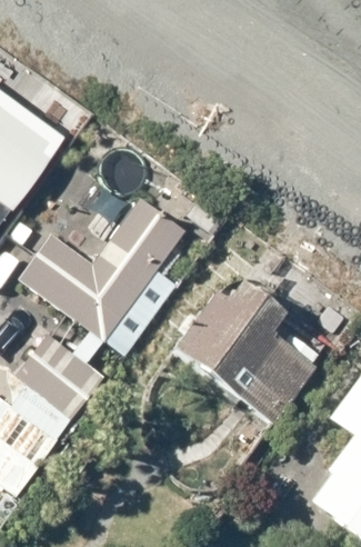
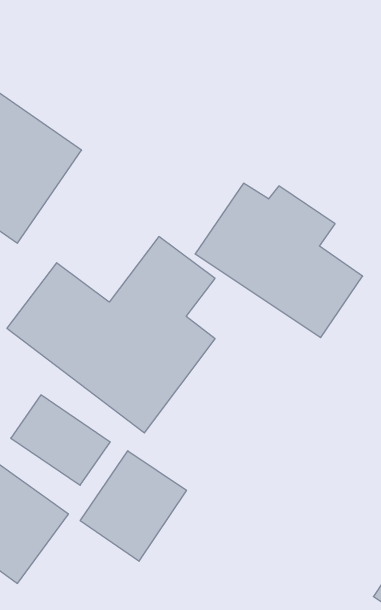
building: [172,288,314,419] -> [195,183,363,338]
building: none -> [80,451,186,561]

